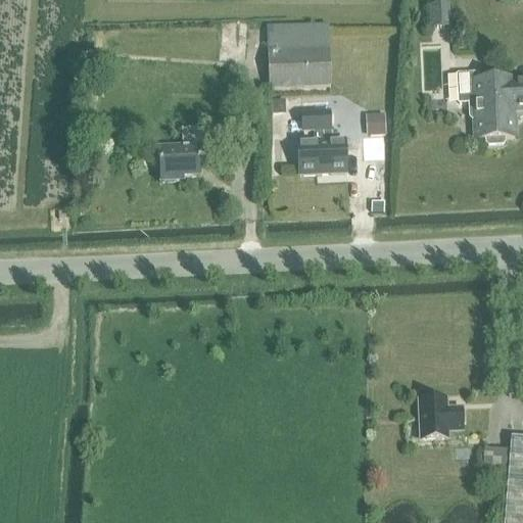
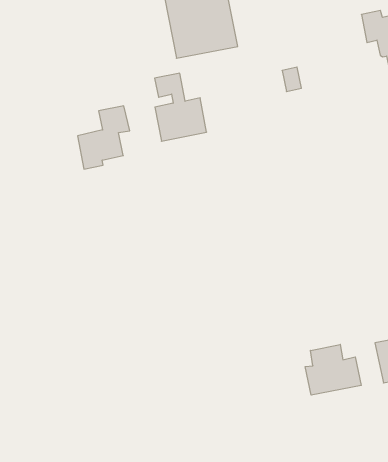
building: [297,107,344,172] -> [155,73,207,141]
building: none -> [305,344,361,395]

